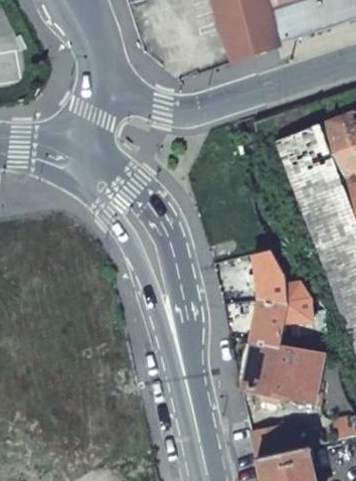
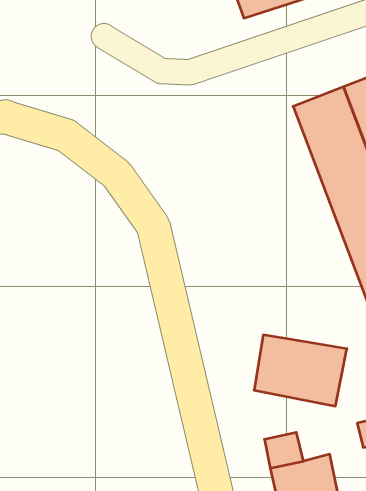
building: [251,247,313,344] -> none

